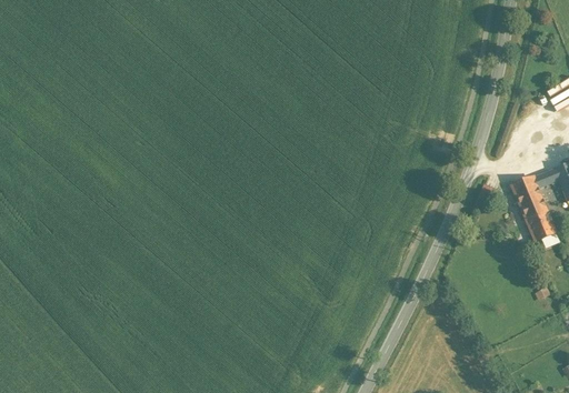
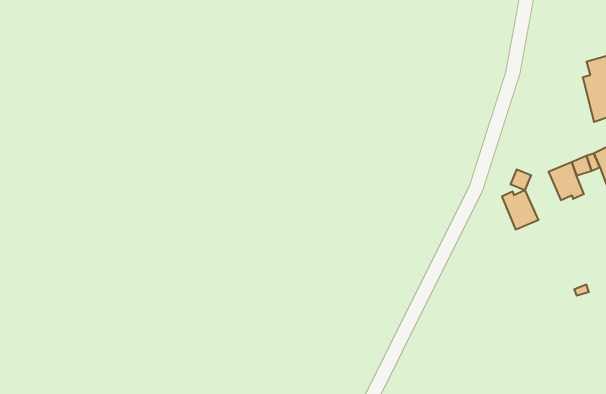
building: [526,206,559,242] -> [502,190,539,229]

